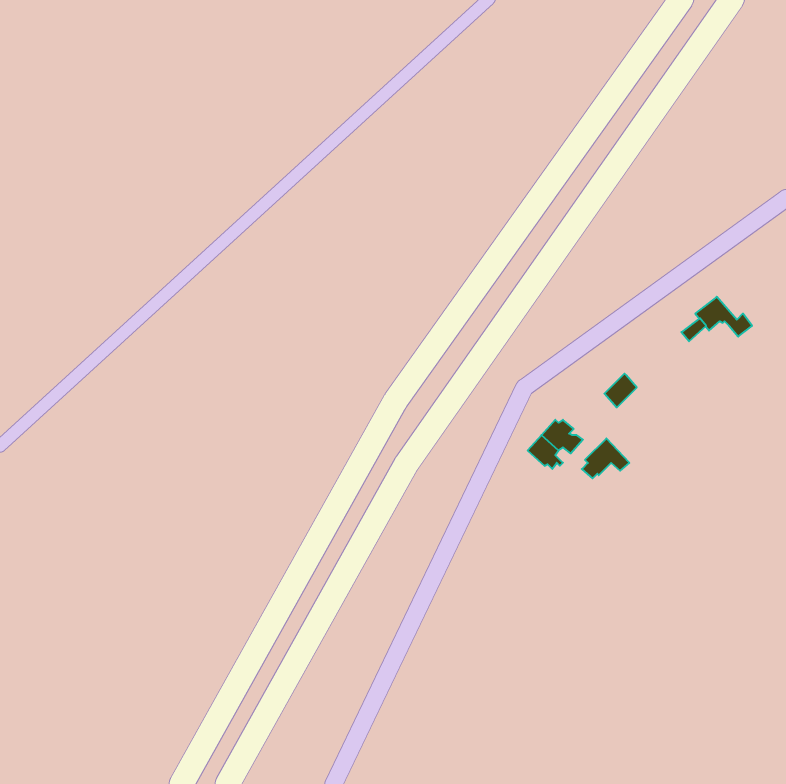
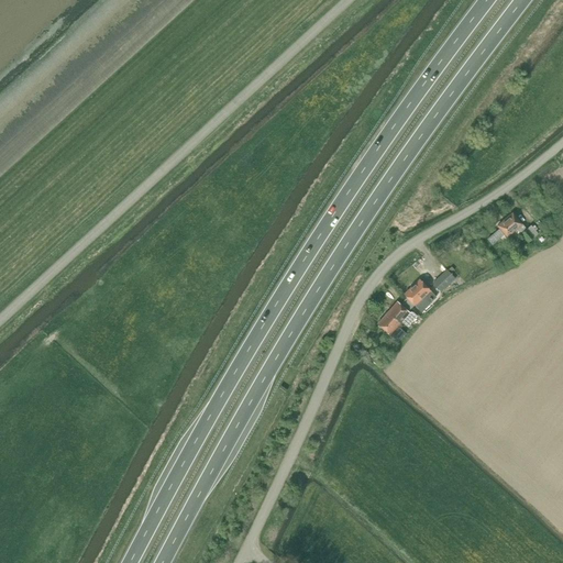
building: [582,438,629,478] -> [402,278,437,307]

